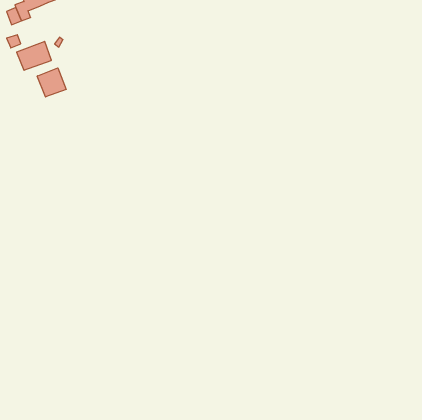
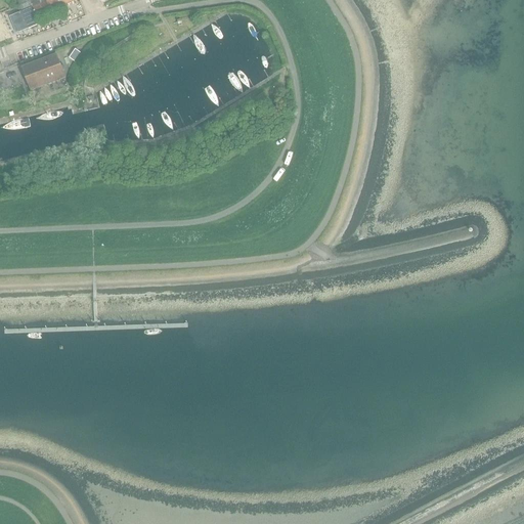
building: [37,68,66,97] -> none

